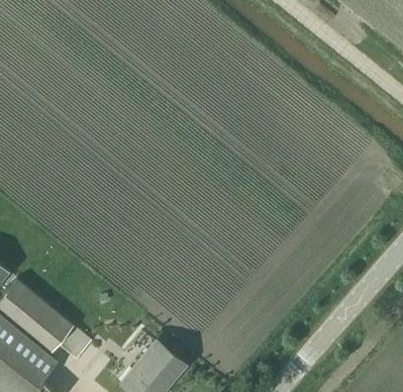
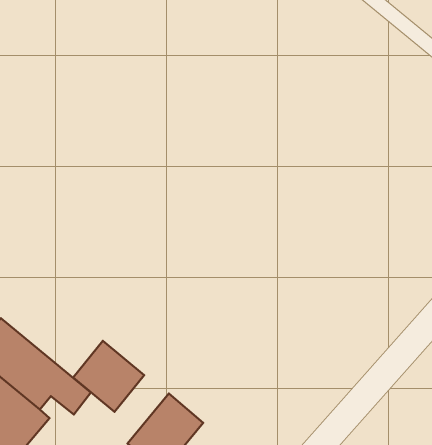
building: none -> [73,341,144,412]

